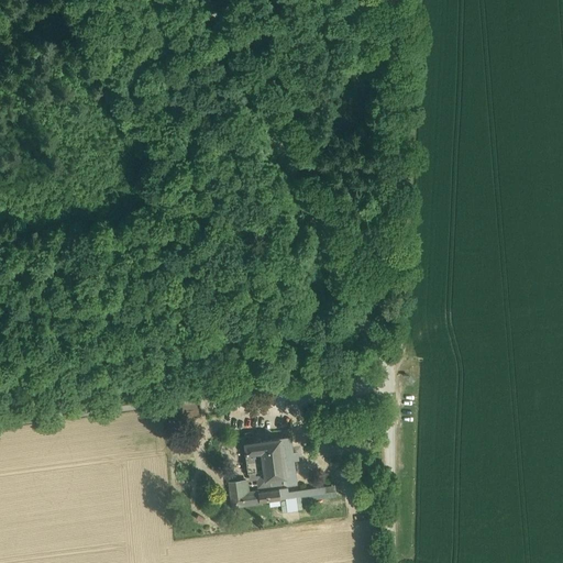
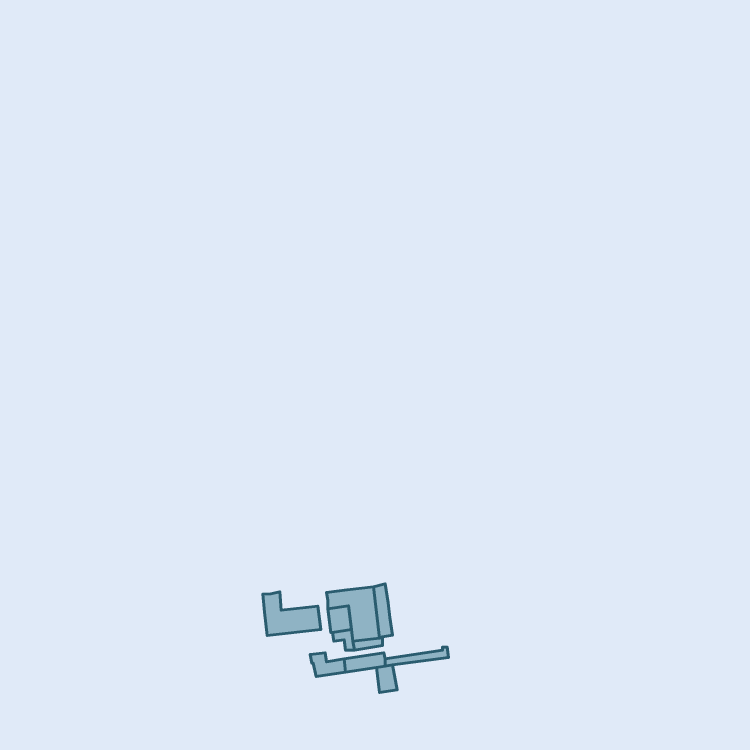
building: none -> [263,592,321,636]

